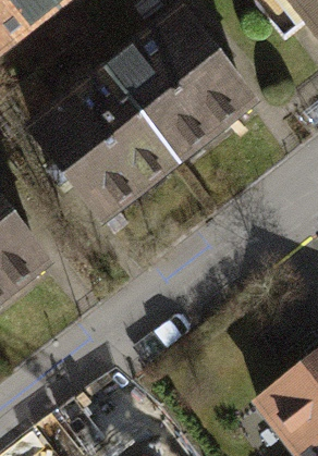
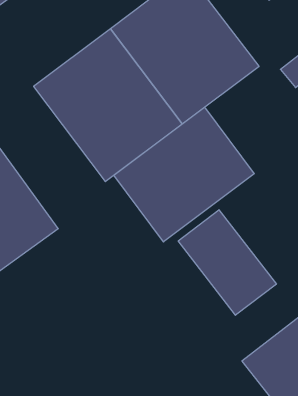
building: none -> [114,107,254,242]
building: none -> [178,210,276,315]

